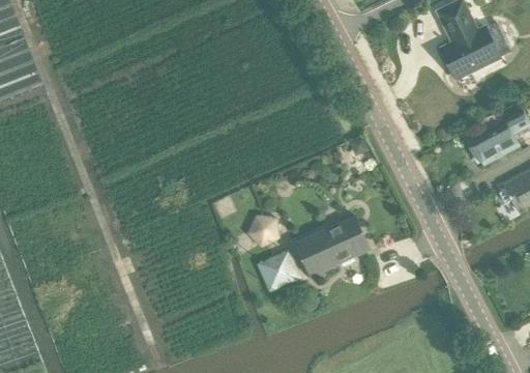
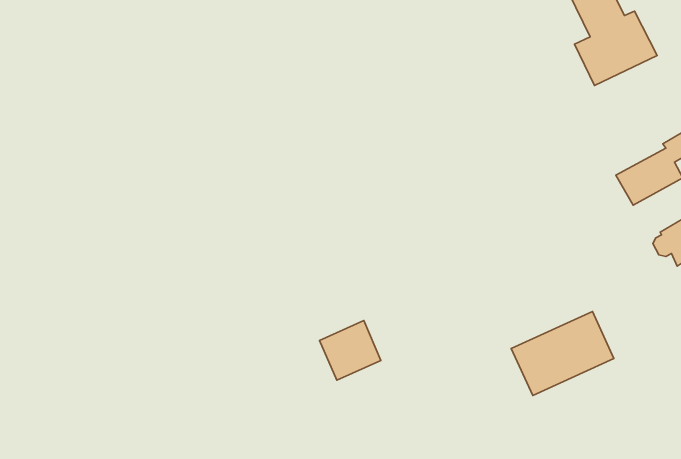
building: [247,214,278,247] -> none
building: [295,216,370,277] -> [511,311,614,395]

